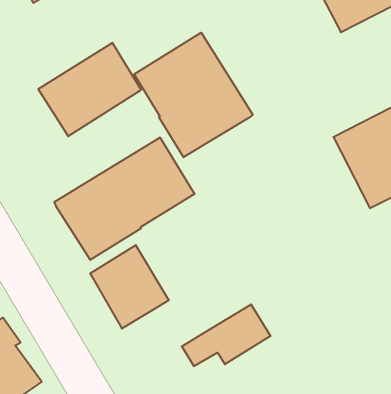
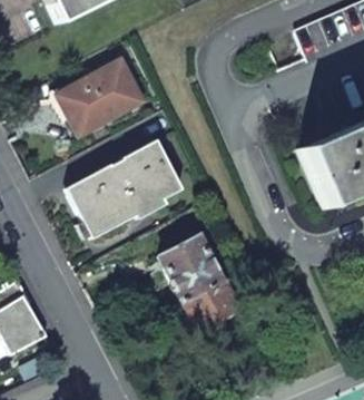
building: [134,33,253,157] -> none
building: [90,245,169,329] -> [160,235,224,303]

